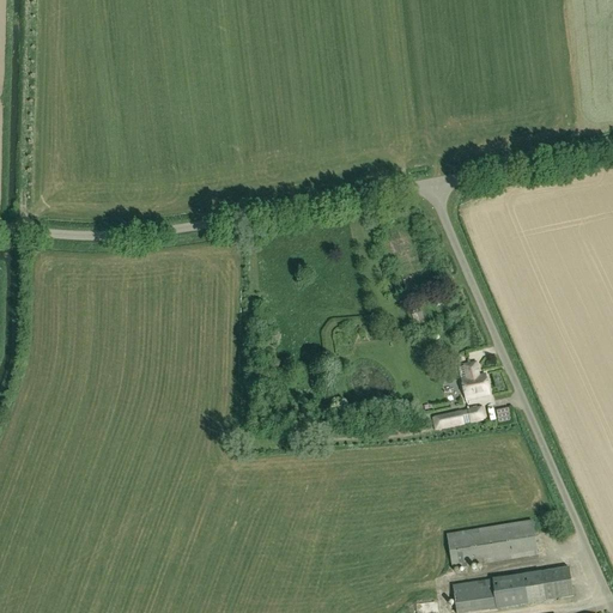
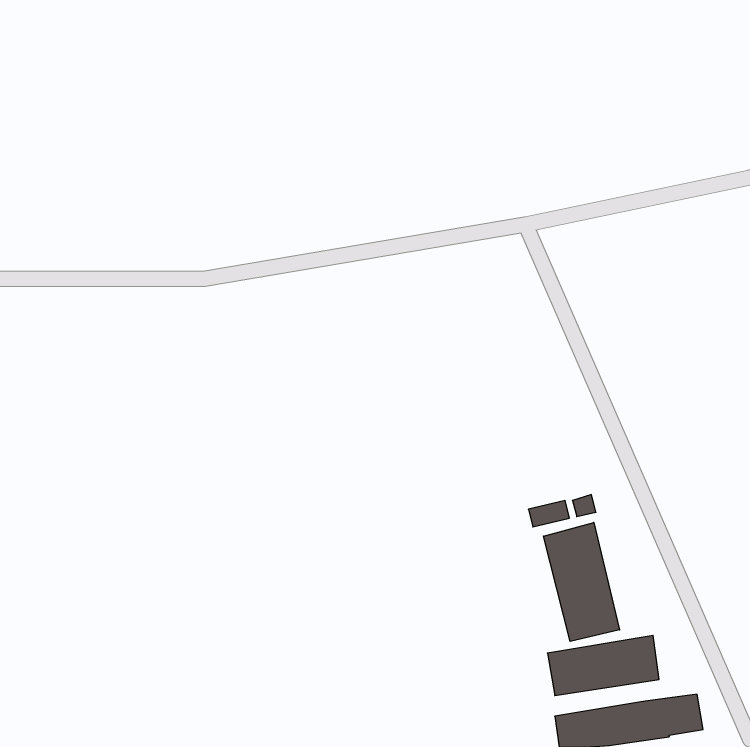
building: [462,362,490,397] -> none
building: none -> [543,522,620,641]

